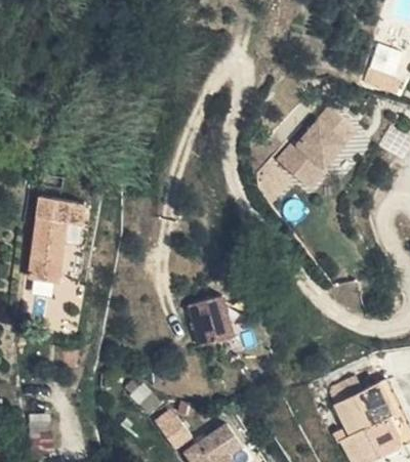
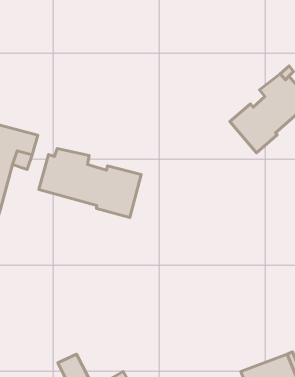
building: none -> [39,148,141,217]
building: [191,294,236,344] -> none

